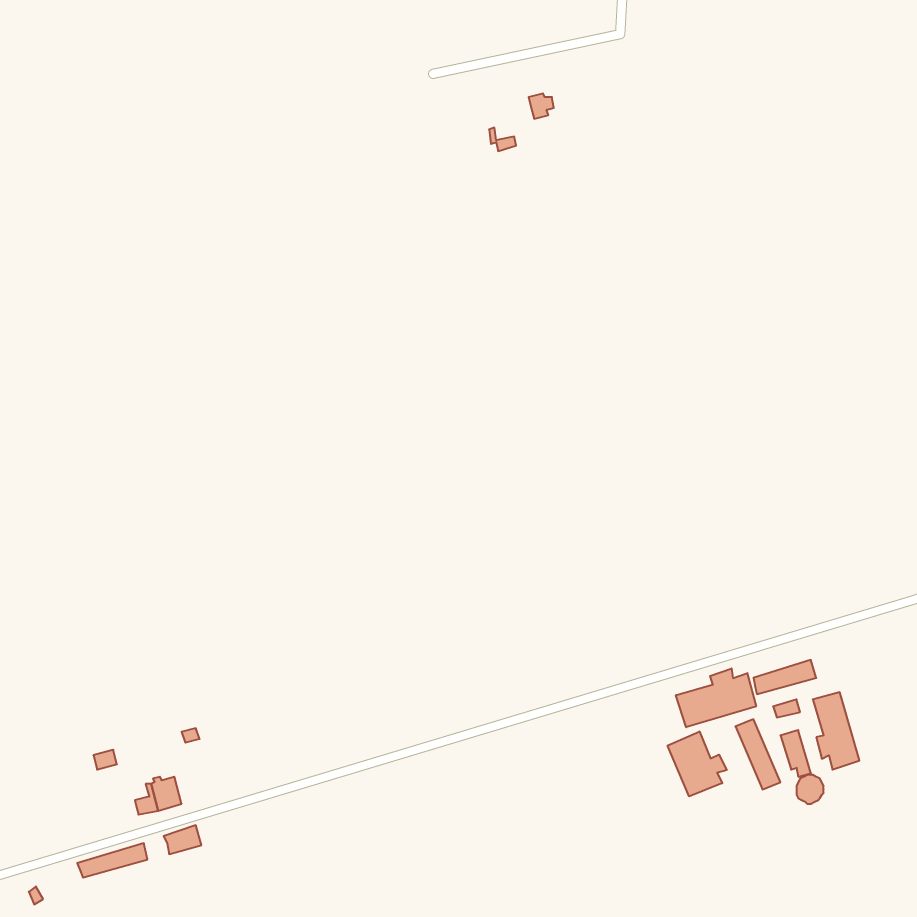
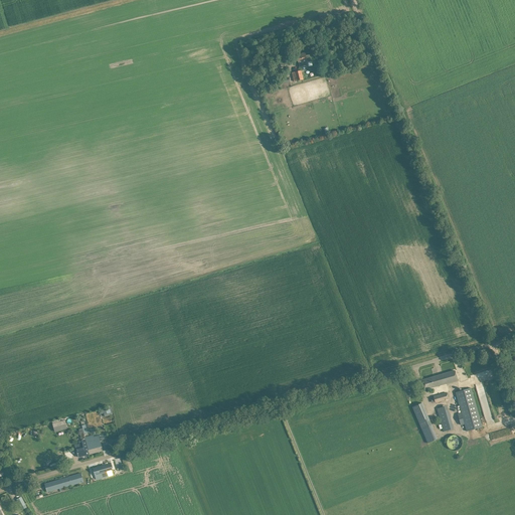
building: [676,668,756,727] -> none
building: [668,731,727,796] -> none

